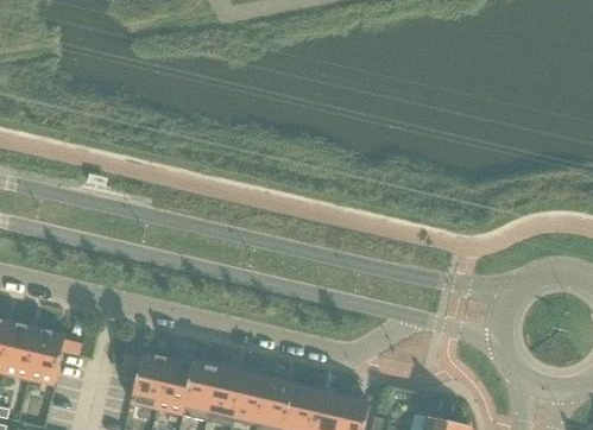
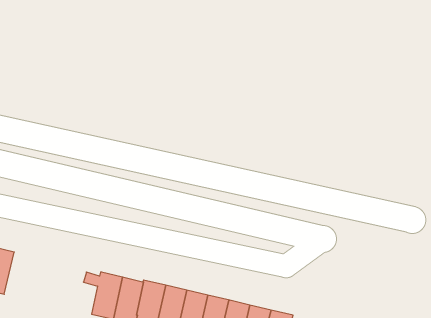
building: [27,328,81,384] -> none

